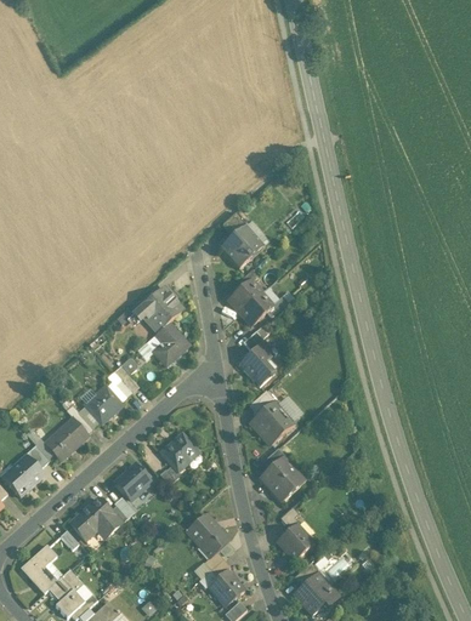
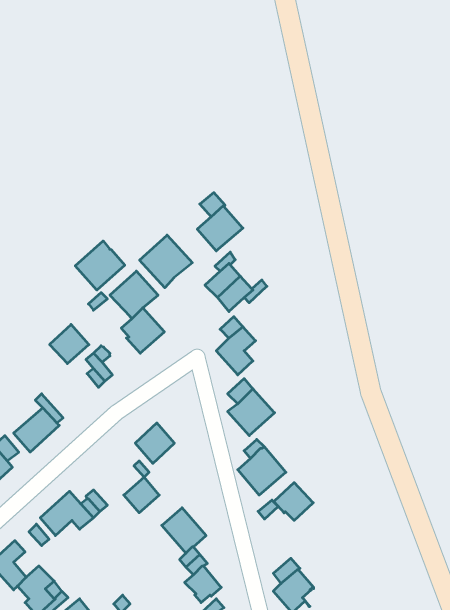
building: none -> [140,235,192,288]
building: none -> [75,241,125,290]
building: [84,386,121,423] -> [50,324,89,364]
building: [114,466,148,500] -> [124,477,159,513]
building: [276,523,313,559] -> [274,483,313,520]

